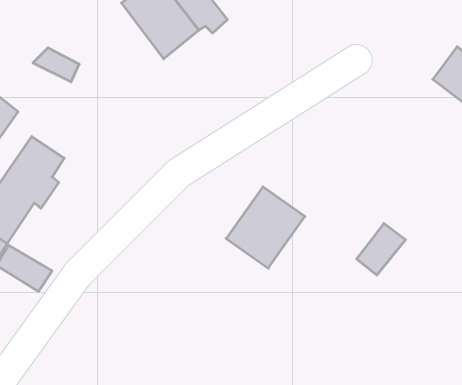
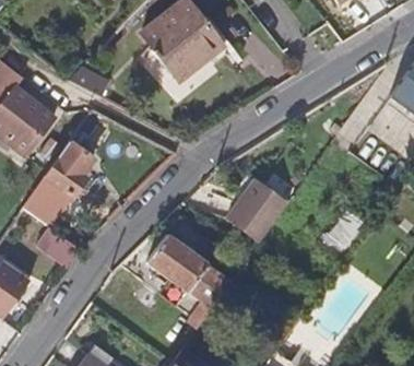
building: none -> [150,236,230,327]

